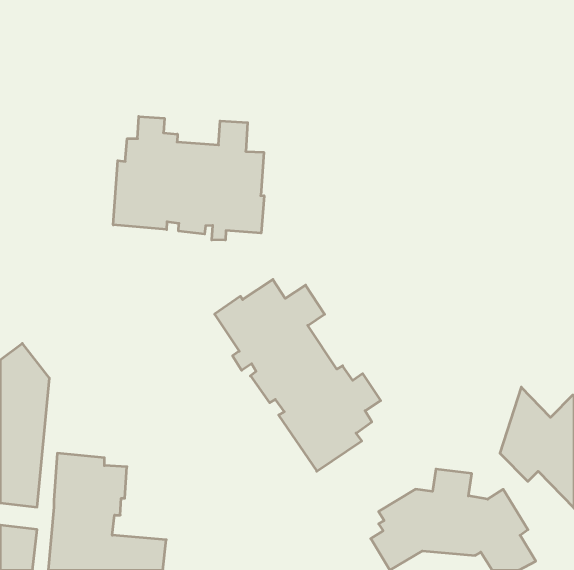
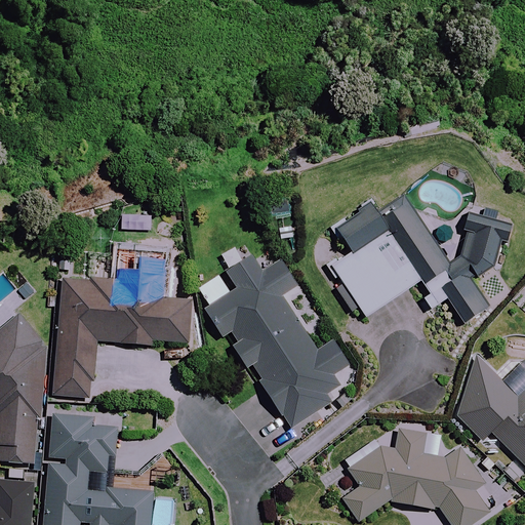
building: [113,116,264,240] -> none
building: none -> [329,196,511,322]
building: none -> [55,267,190,399]

